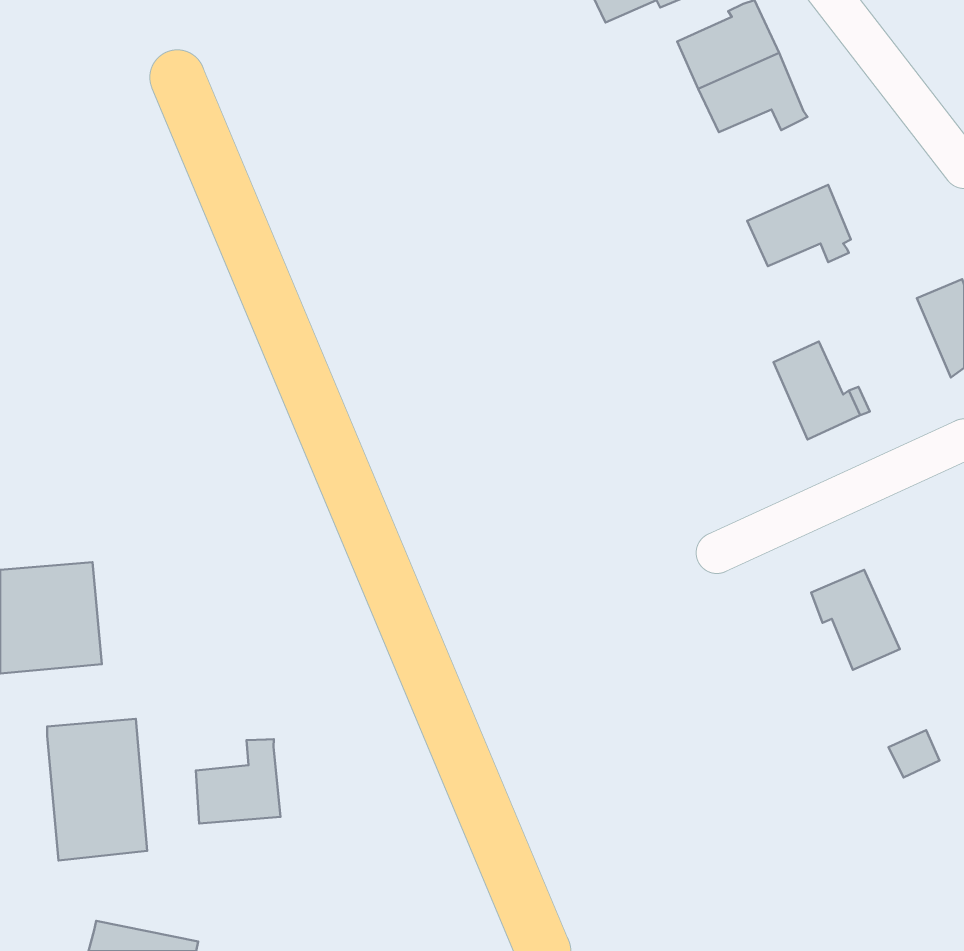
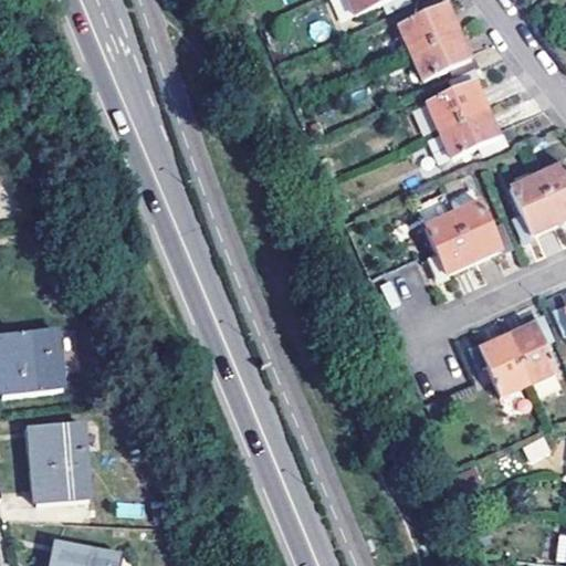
building: none -> [426,71,485,129]
building: none -> [510,175,557,234]
building: none -> [424,212,473,272]
building: none -> [506,321,554,380]
building: [196,739,280,824] -> none

